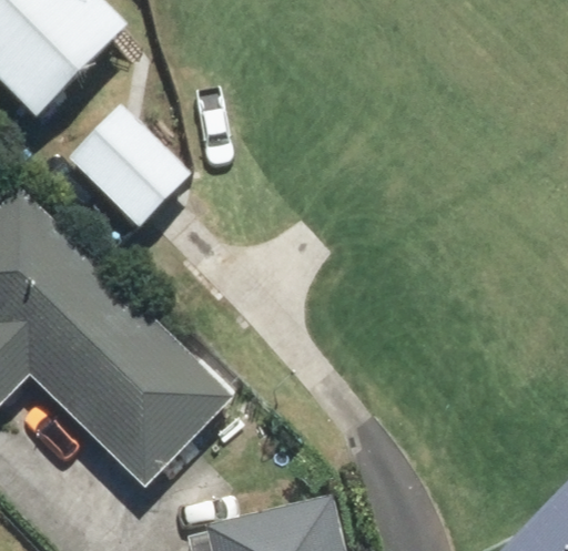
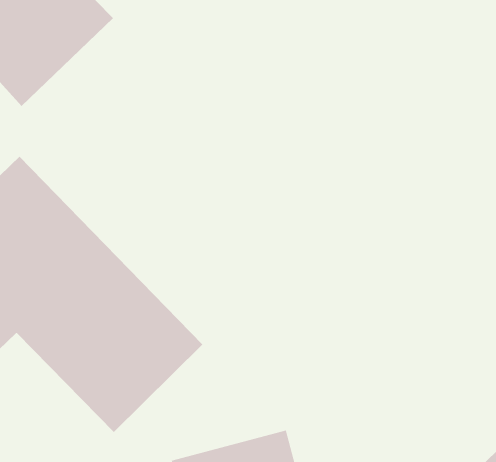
building: [67,102,185,220] -> none

